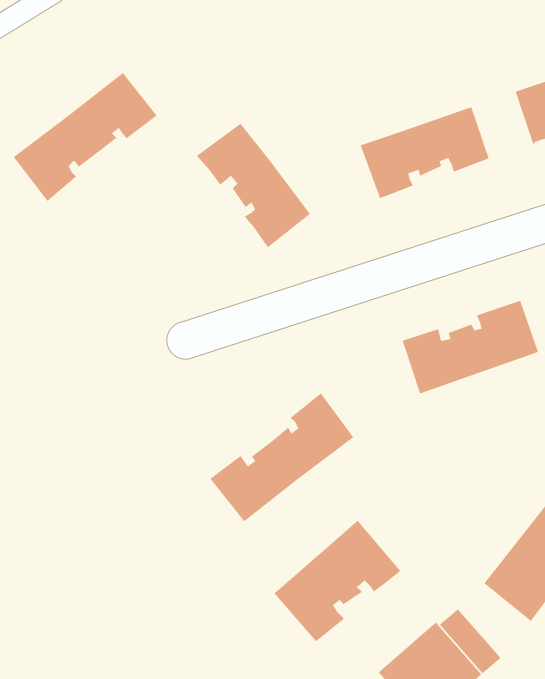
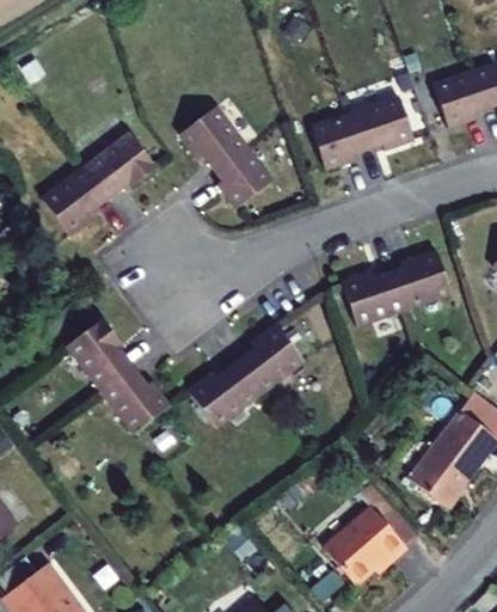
building: [13,72,157,202] -> [39,133,155,237]
building: none -> [67,320,170,436]
building: [273,520,401,642] -> none

